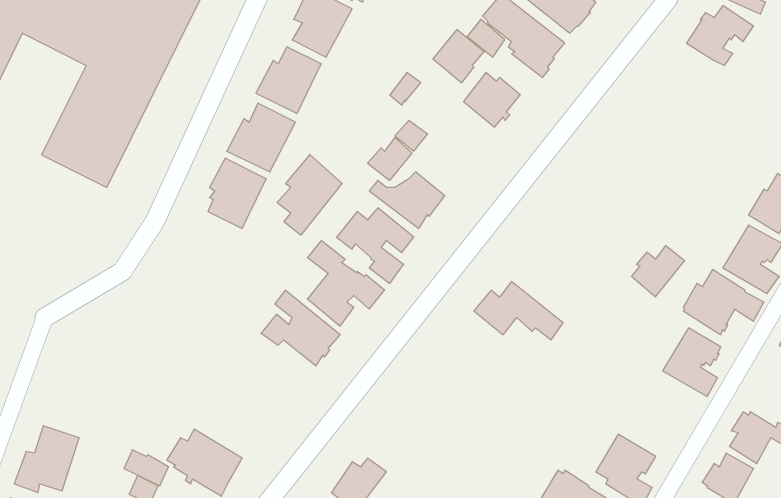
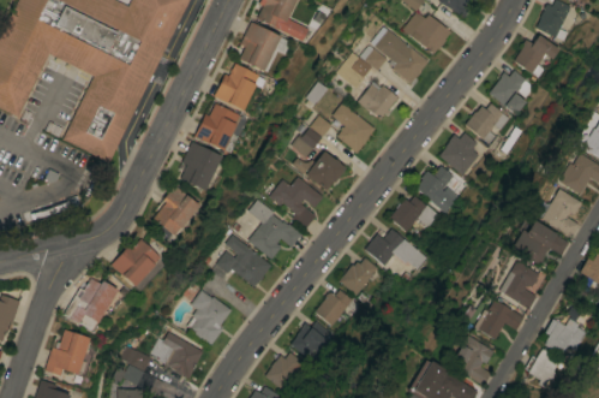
building: none -> [490,70,528,115]
building: none -> [334,102,376,153]
building: none -> [466,103,511,144]
building: none -> [441,132,480,174]
building: [277,154,342,235] -> [152,185,198,242]
building: none -> [390,196,441,232]
building: [631,245,685,297] -> [418,166,455,202]
building: none -> [110,239,161,286]
building: none -> [341,257,379,296]
building: none -> [65,278,119,331]
building: none -> [316,289,354,326]
building: none -> [188,290,233,346]
building: none -> [473,299,525,339]
building: none -> [292,321,330,358]

